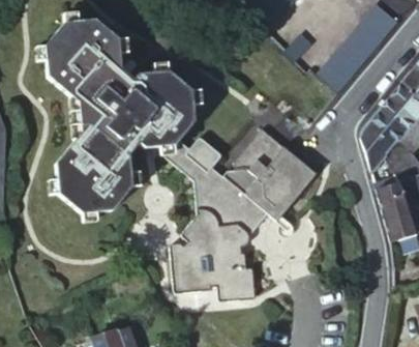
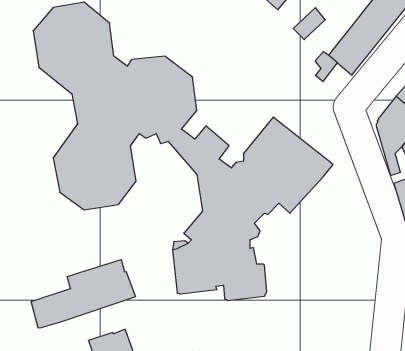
building: none -> [31,260,135,328]

